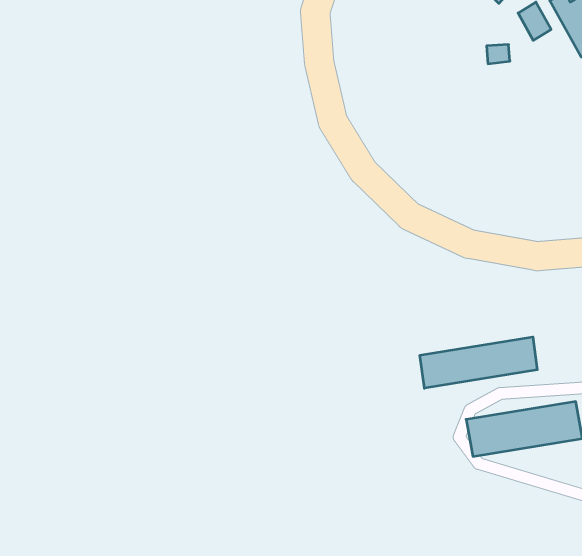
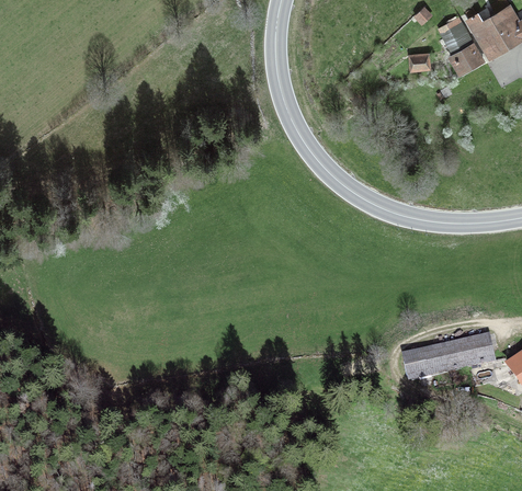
building: none -> [451,41,486,72]
building: [420,337,537,388] -> none

